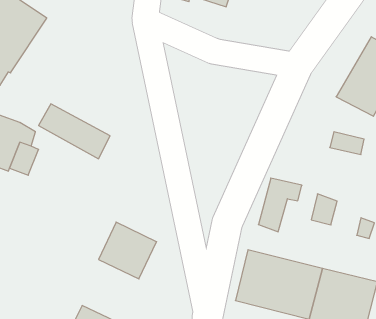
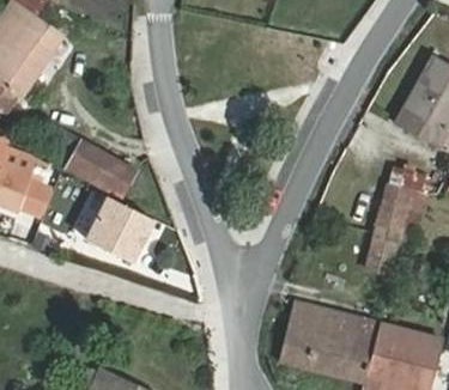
building: [258,178,302,232] -> [372,183,423,245]
building: [99,222,157,279] -> [86,195,153,261]

